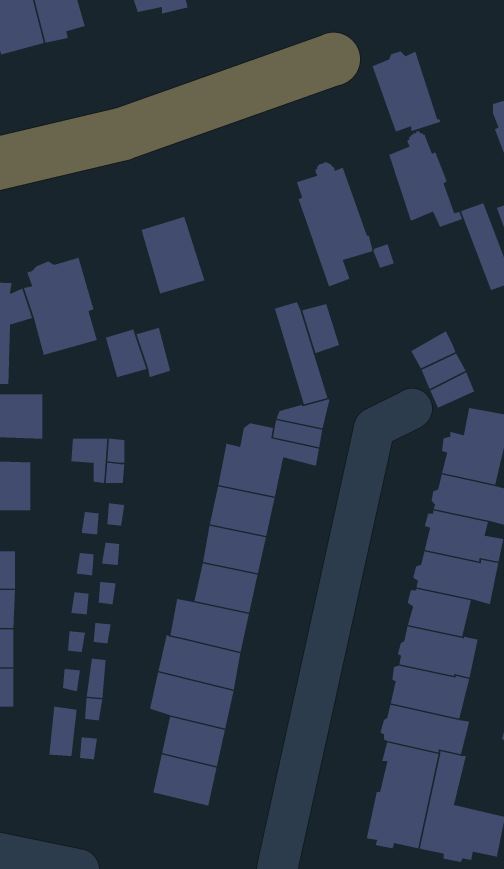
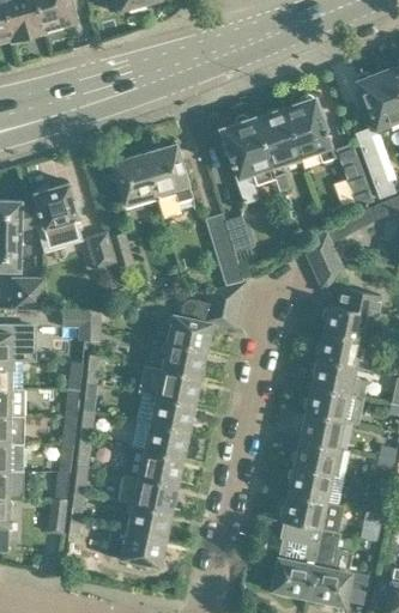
building: [371,50,441,132] -> [254,109,303,166]
building: none -> [143,144,194,214]

